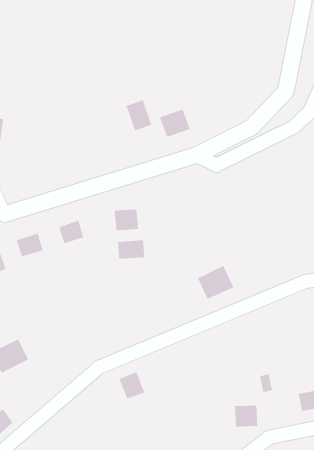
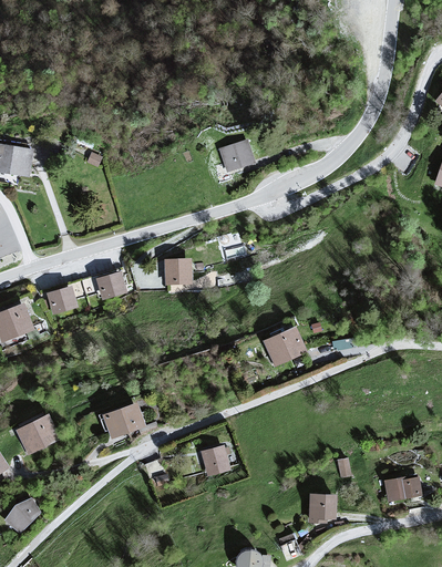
building: [126,99,152,131] -> none
building: [117,240,145,260] -> none
building: none -> [101,402,145,439]
building: [118,371,145,399] -> [201,443,233,476]

